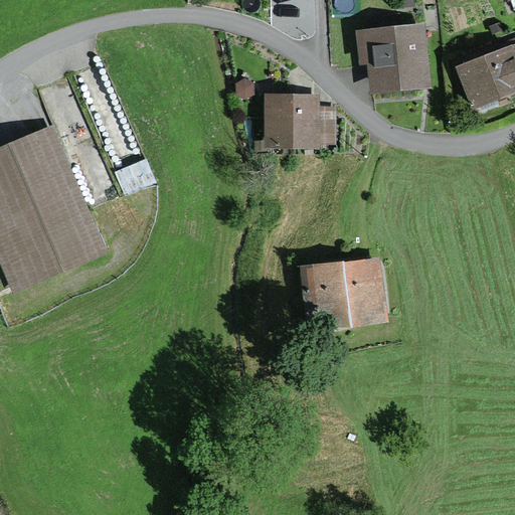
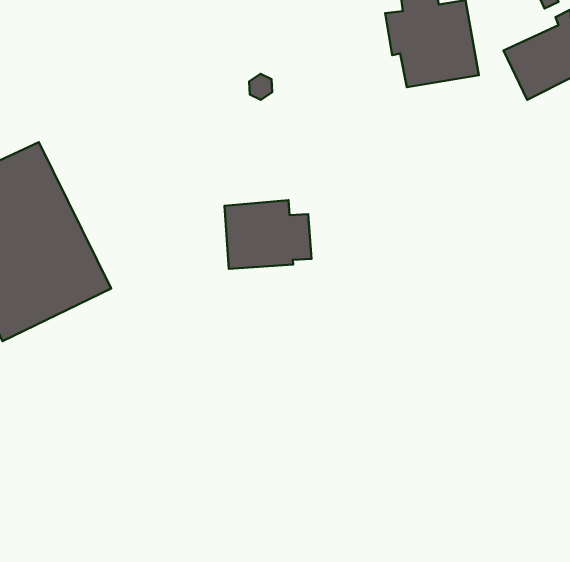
building: [264,93,336,149] -> [224,200,312,269]
building: [299,256,388,332] -> none

